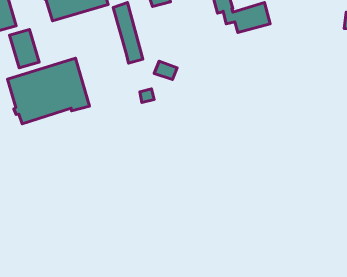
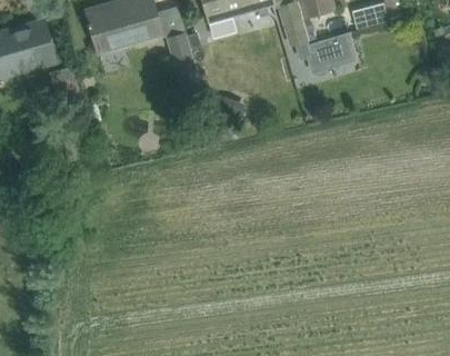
building: [7,58,90,124] -> none

